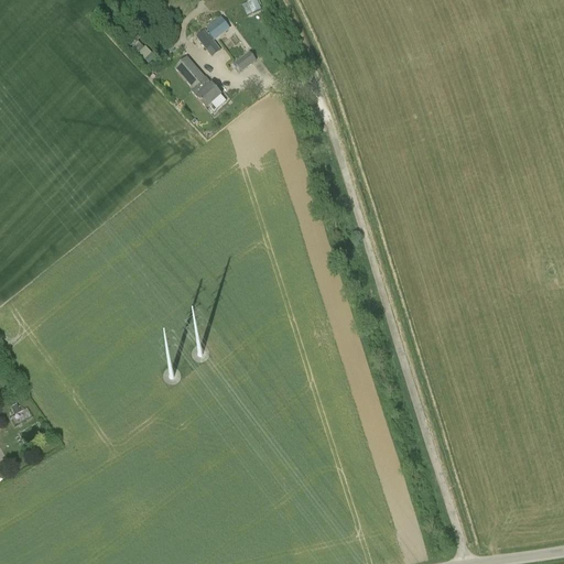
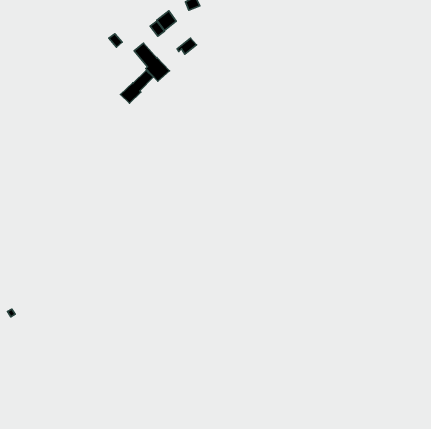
building: none -> [120,71,153,103]

